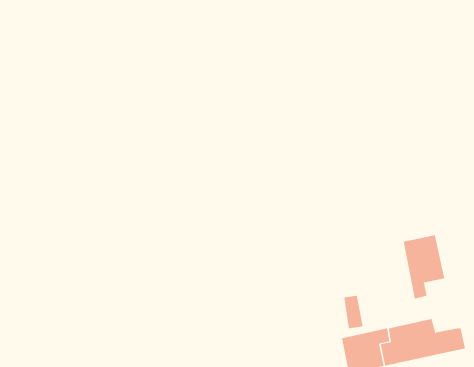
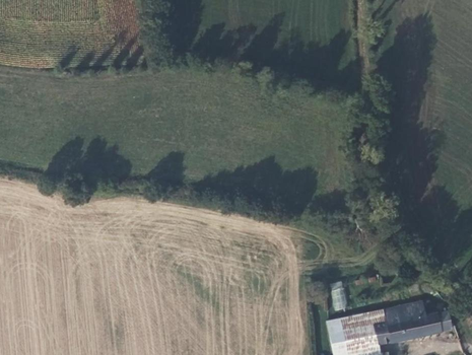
building: [403,234,445,299] -> none

